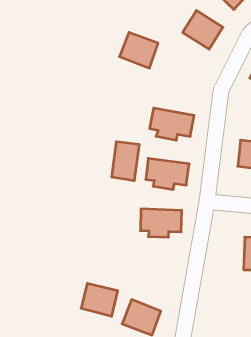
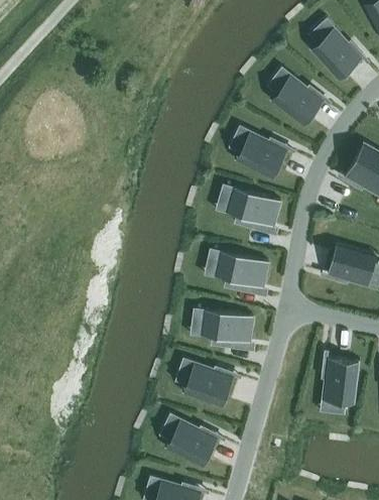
building: [119,32,158,68] -> [238,133,286,178]
building: [112,142,139,181] -> none
building: [81,283,118,316] -> [186,364,233,406]

